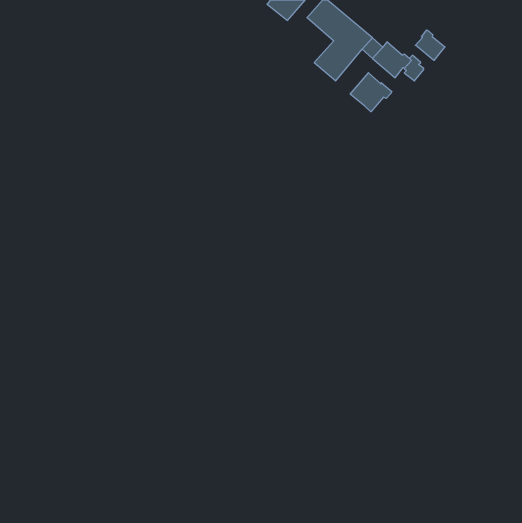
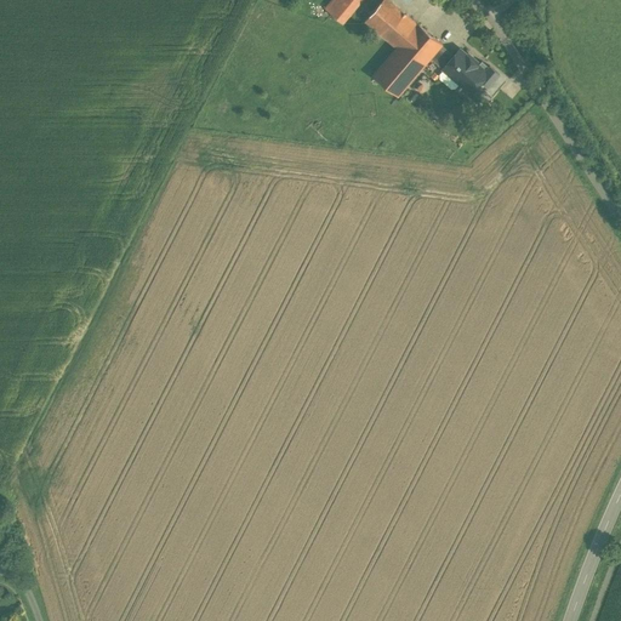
building: [415,30,445,60] -> none
building: [350,73,392,112] -> none

